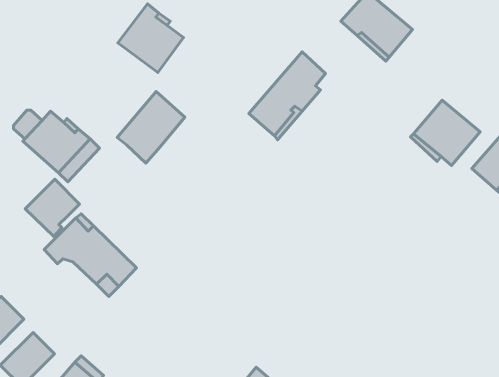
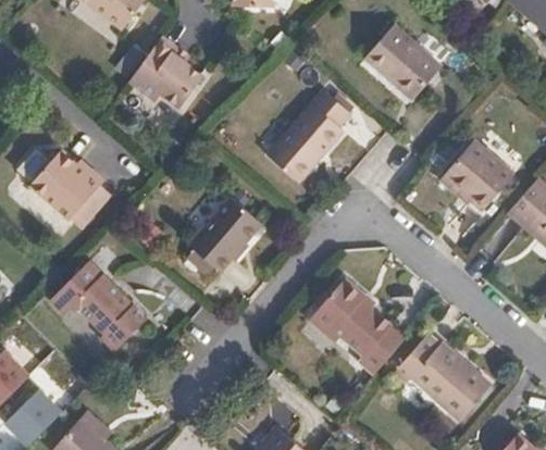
building: [117,91,185,163] -> [190,196,262,272]
building: [25,179,79,237] -> none
building: none -> [315,279,405,376]
building: none -> [398,333,493,417]

